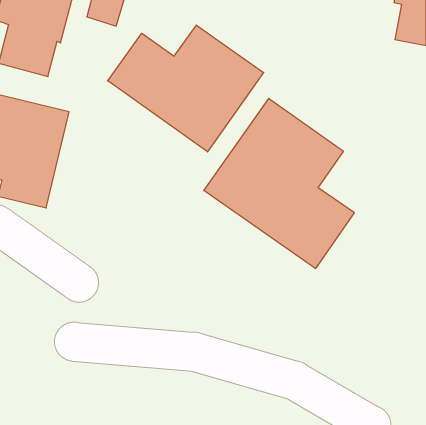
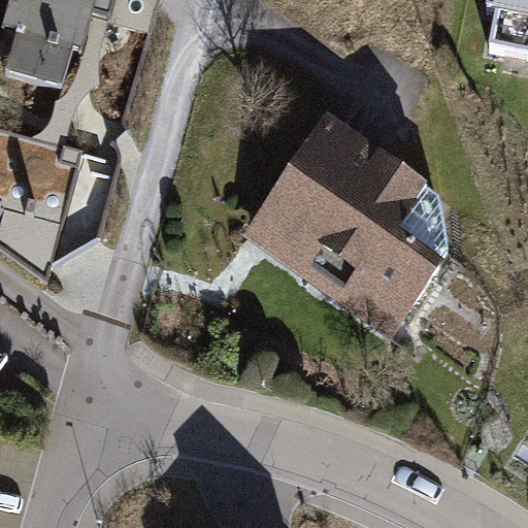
building: [108,25,264,152] -> none

